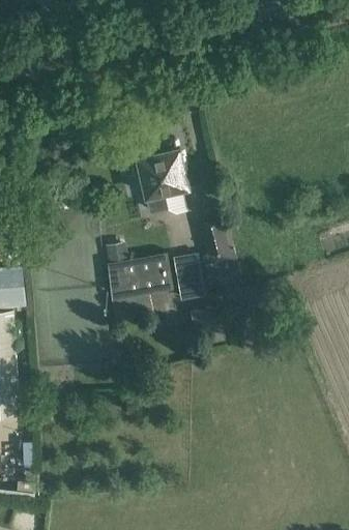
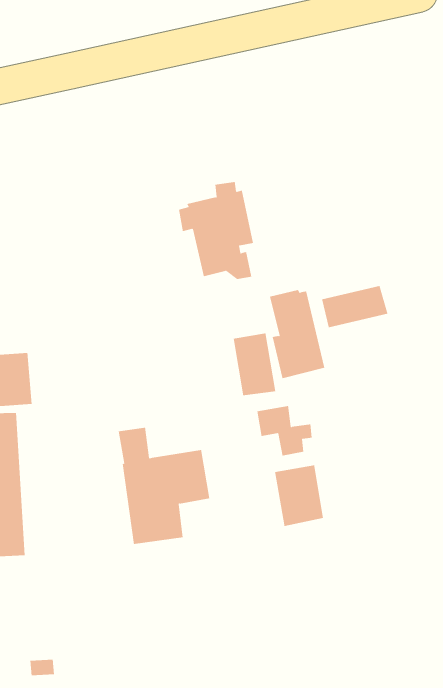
building: none -> [322,285,388,328]
building: [105,237,173,324] -> [118,427,210,545]
building: none -> [274,464,323,527]

